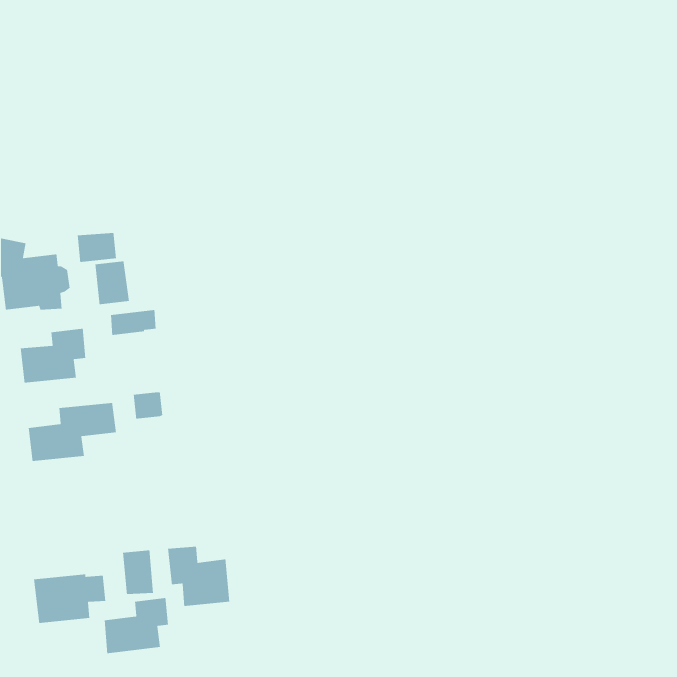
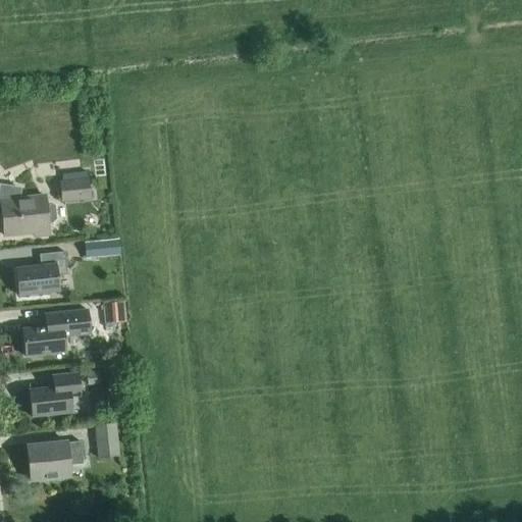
building: [94,260,130,305] -> none
building: [167,546,230,607] -> none
building: [104,597,169,654] -> [30,372,80,416]

